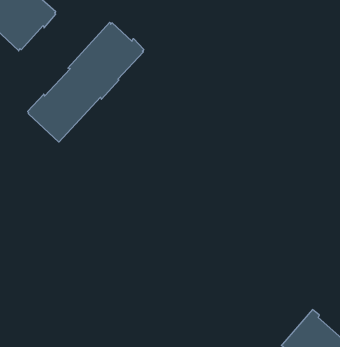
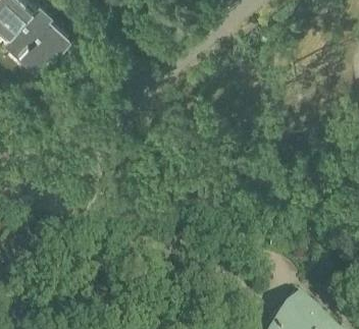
building: [28,22,144,142] -> none

